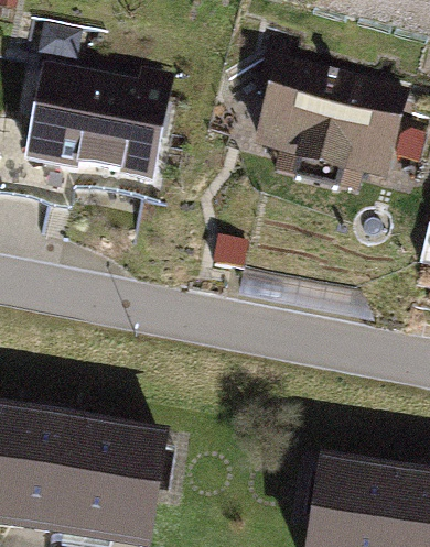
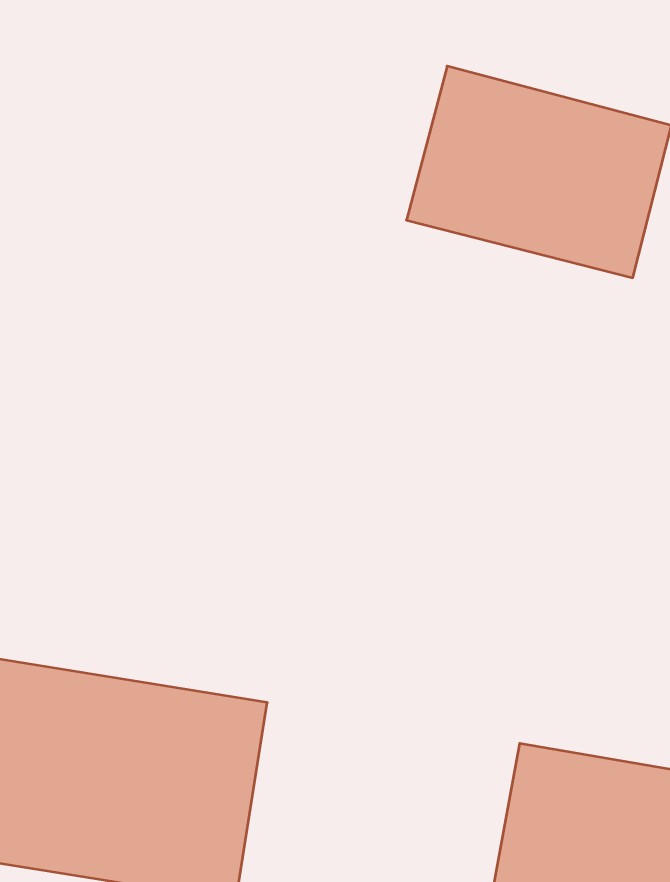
building: [21,61,175,185] -> none

